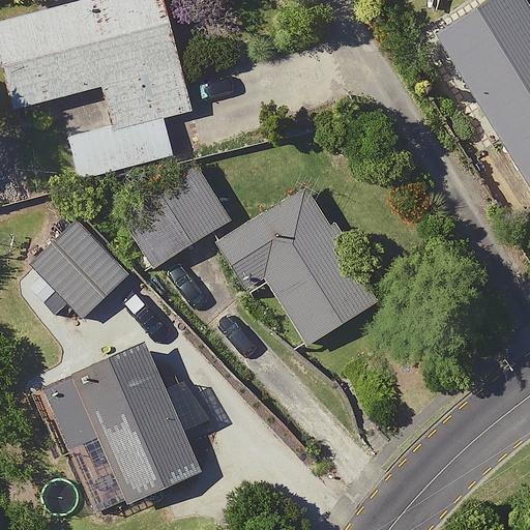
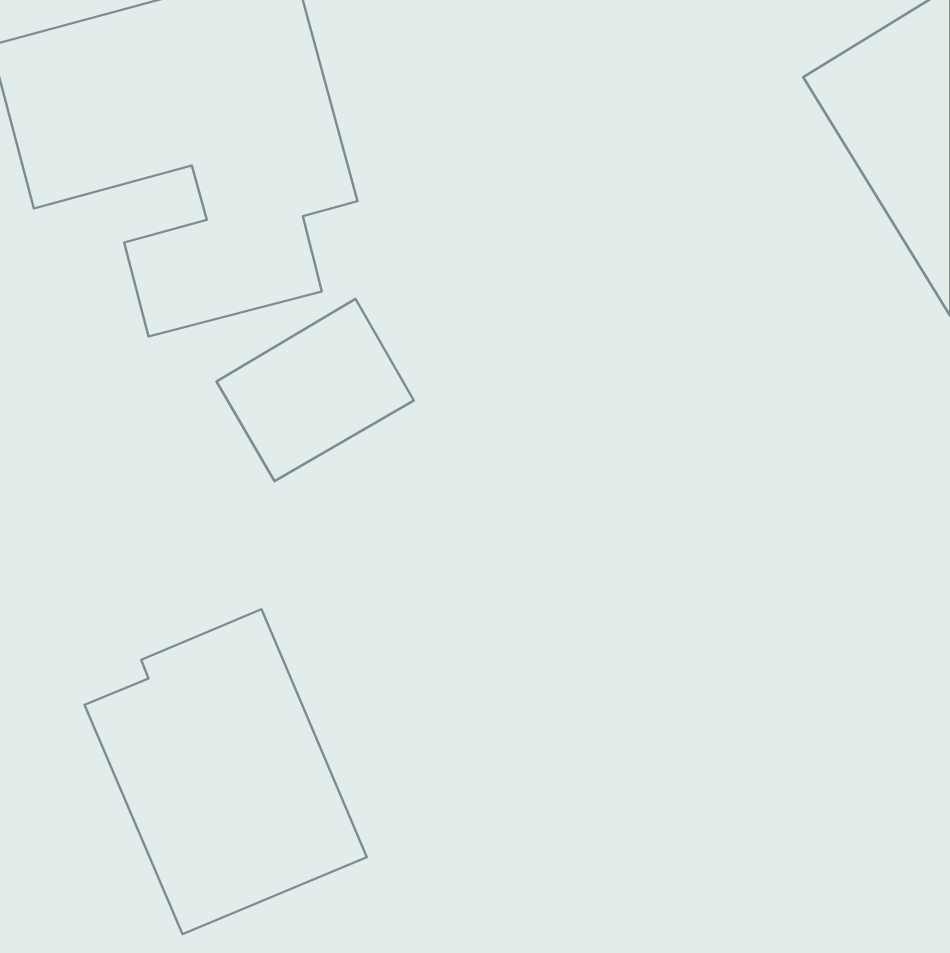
building: [217,184,381,345] -> none
building: [27,218,124,316] -> none

